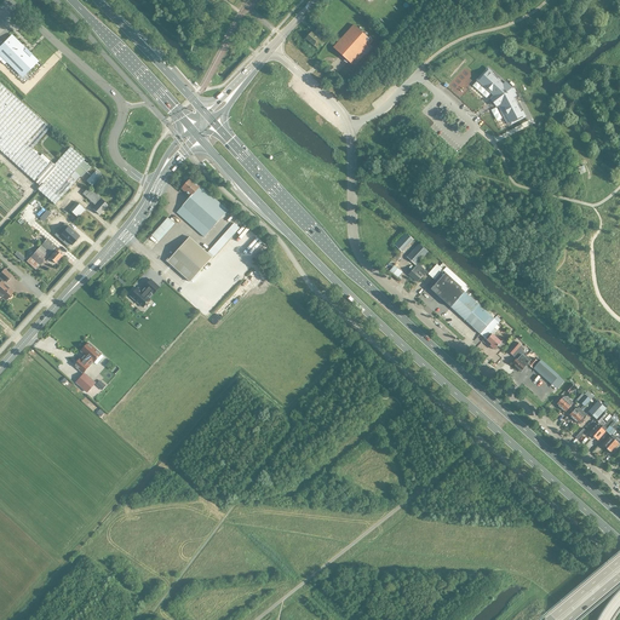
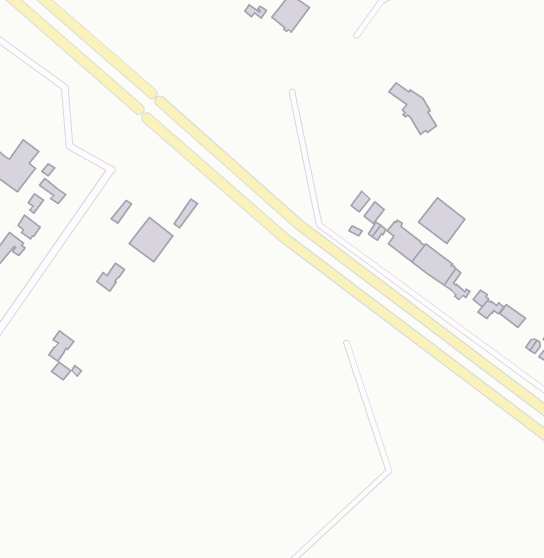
building: [477,69,522,124] -> [389,83,436,135]
building: [176,178,226,236] -> none
building: none -> [418,198,465,243]

